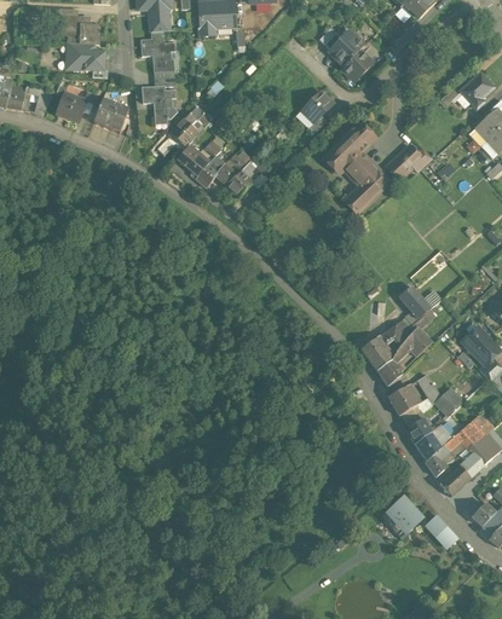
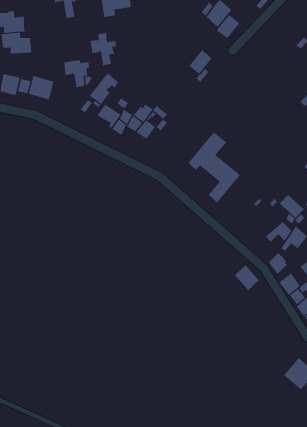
building: [140,31,174,74] -> [90,32,117,66]
building: [322,121,388,213] -> [187,132,241,203]
building: [386,144,421,178] -> none
building: [360,336,392,370] -> [234,265,259,291]

